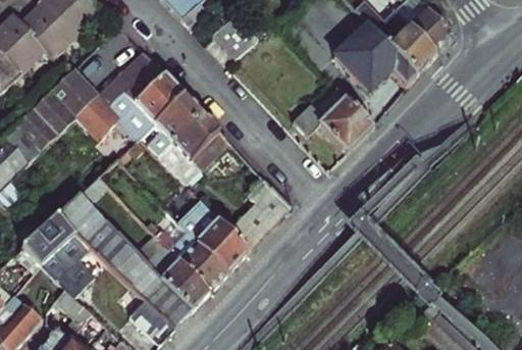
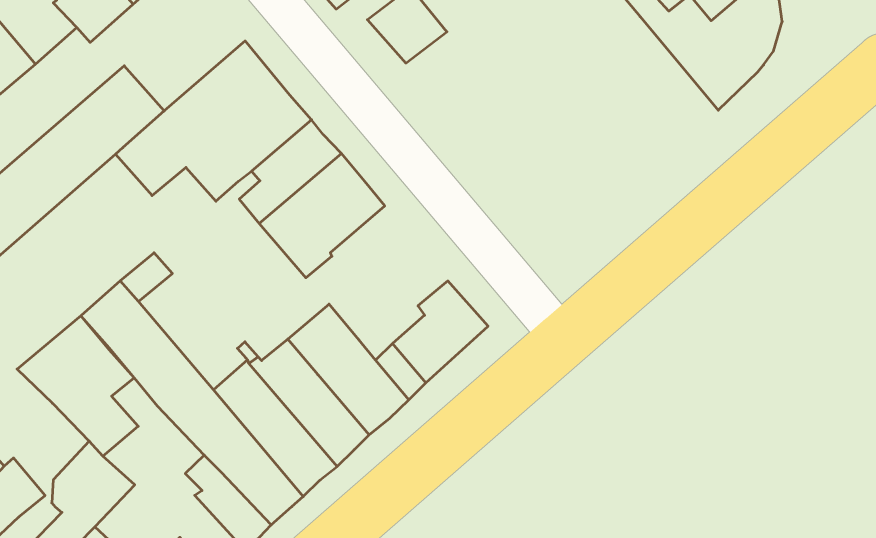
building: [333,23,415,92] -> none
building: [292,88,372,151] -> none

